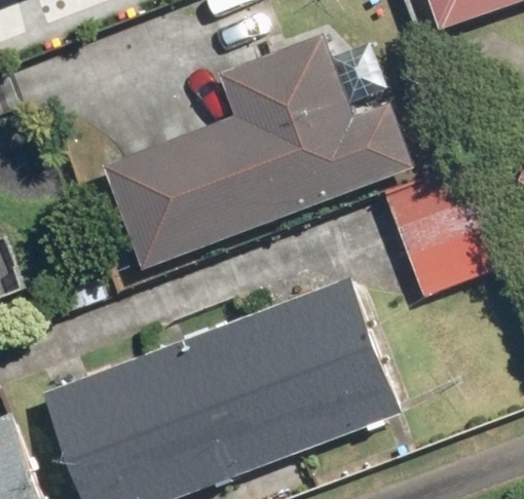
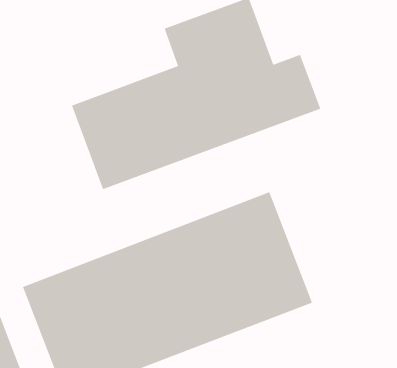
building: [381,163,497,299] -> none

